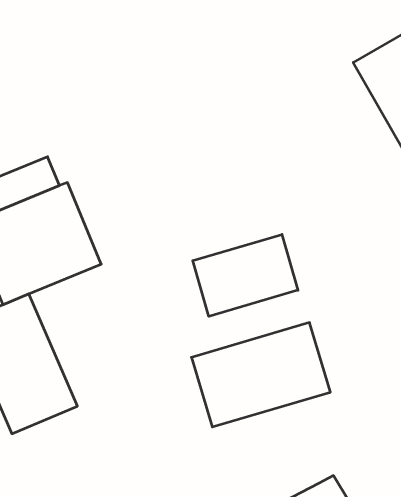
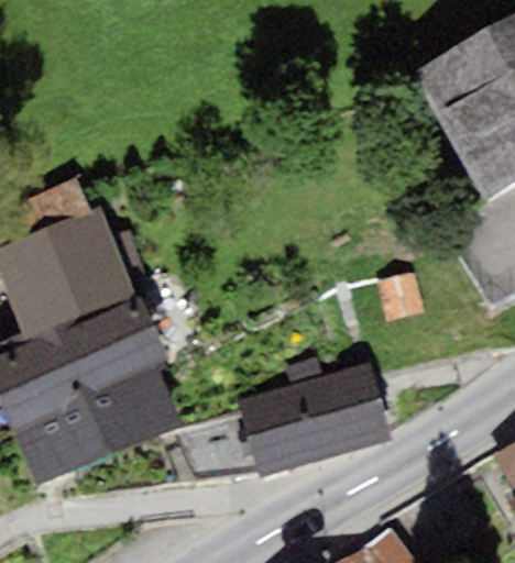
building: [193,234,298,316] -> none
building: none -> [56,301,180,454]

